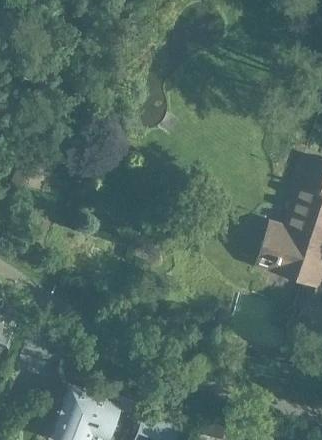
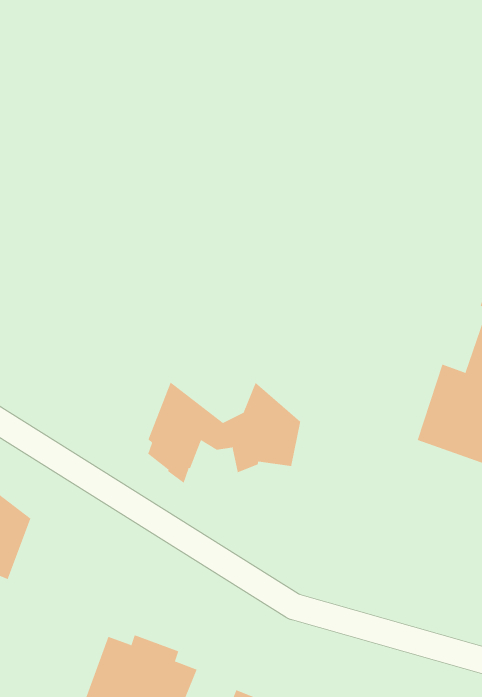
building: none -> [147,381,301,484]

